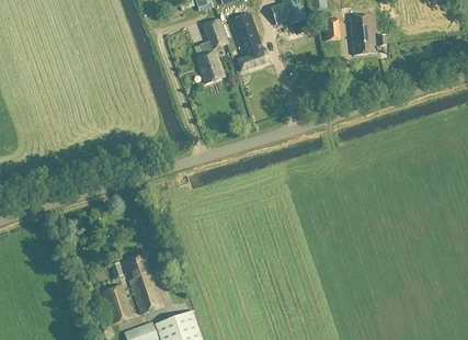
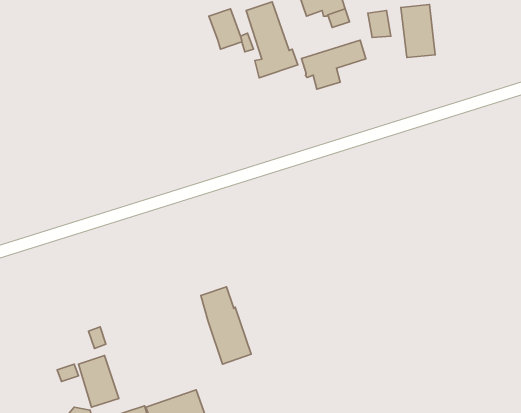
building: [196,41,224,81] -> none
building: none -> [302,40,366,89]
building: [124,253,162,313] -> [201,287,251,364]

